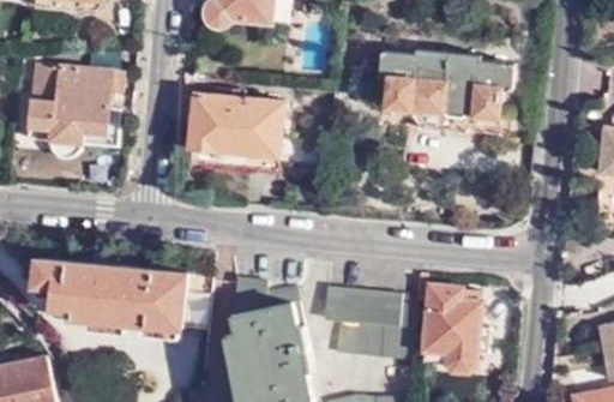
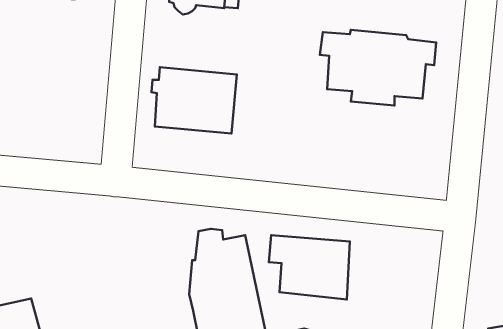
building: [23,66,120,162] -> none
building: [34,259,210,329] -> none
building: [421,284,477,365] -> none

